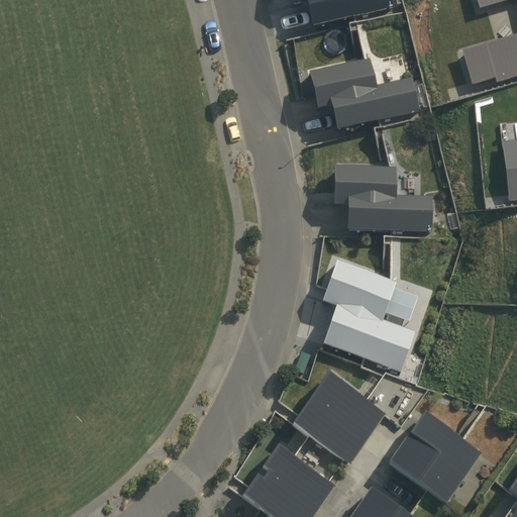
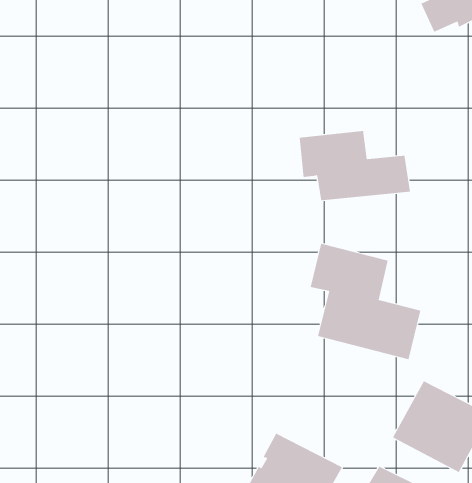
building: [309,58,421,129] -> none
building: [291,371,387,463] -> none

